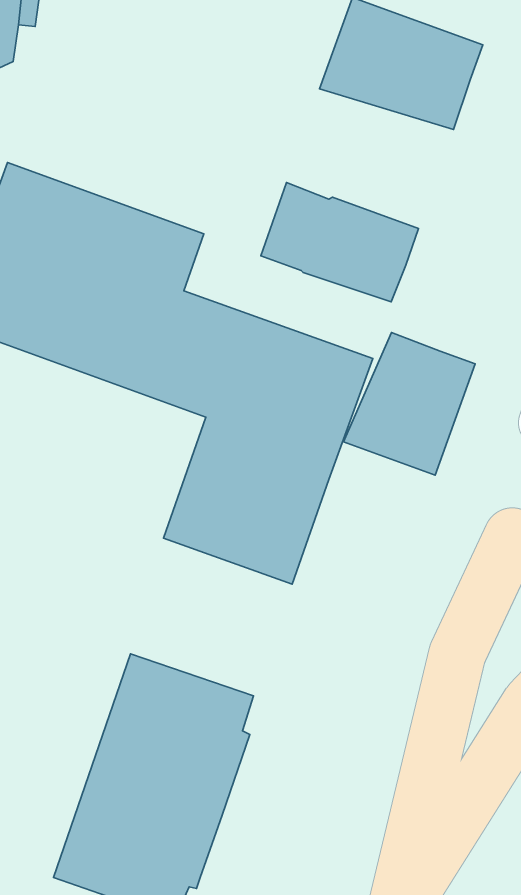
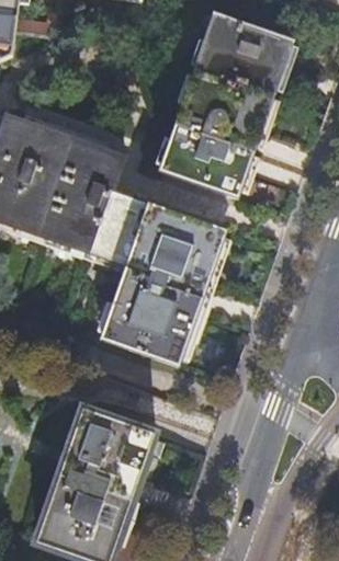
building: none -> [173,68,273,151]
building: [344,332,475,475] -> none

